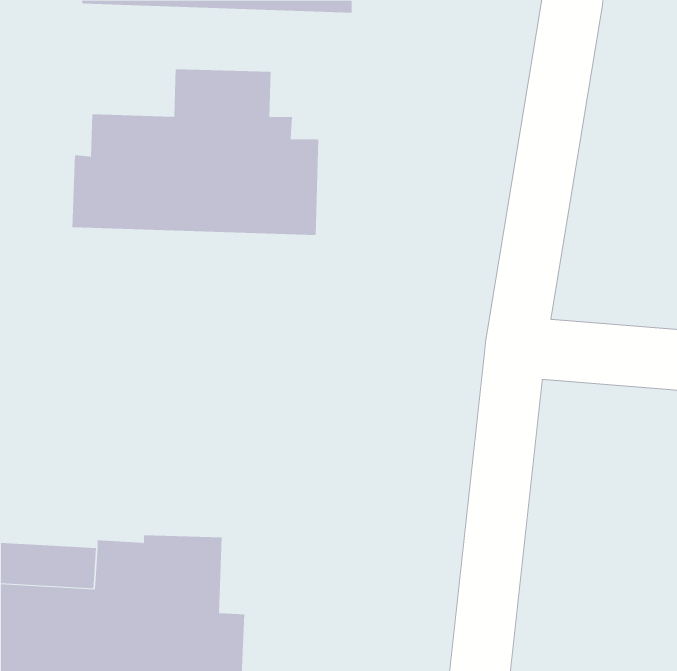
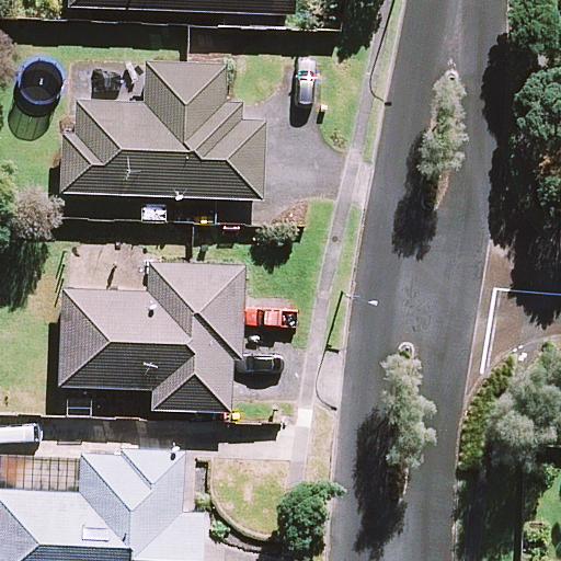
building: none -> [57,261,245,412]

